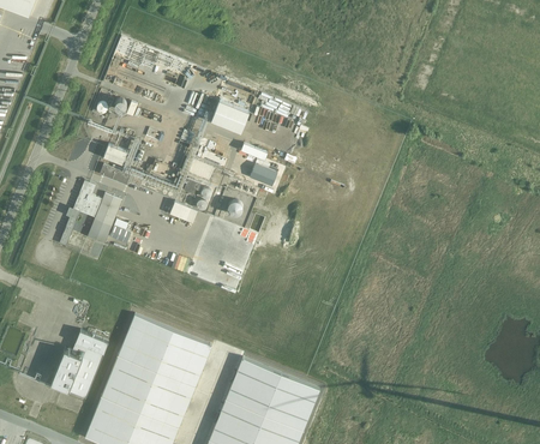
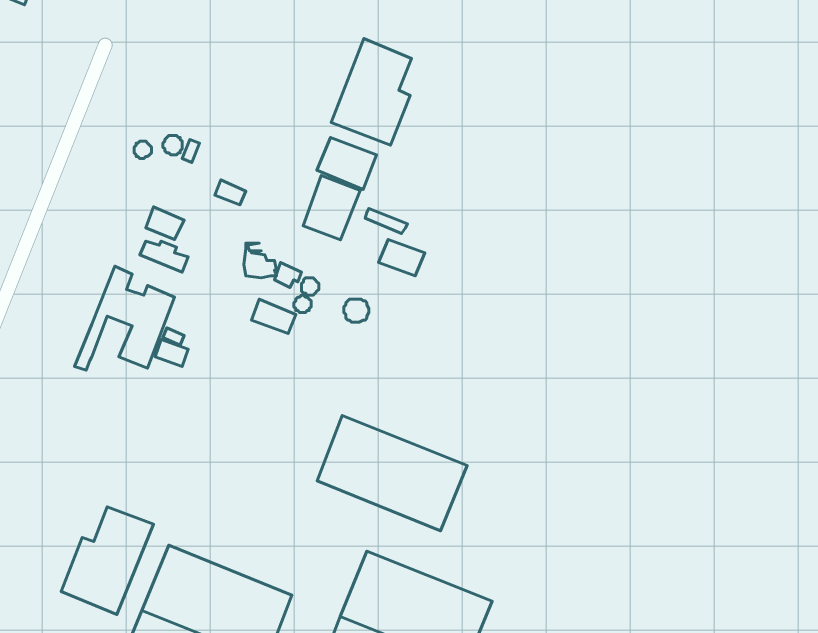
building: none -> [331,39,412,145]
building: none -> [303,175,360,240]
building: [116,313,210,385] -> [317,416,467,531]

